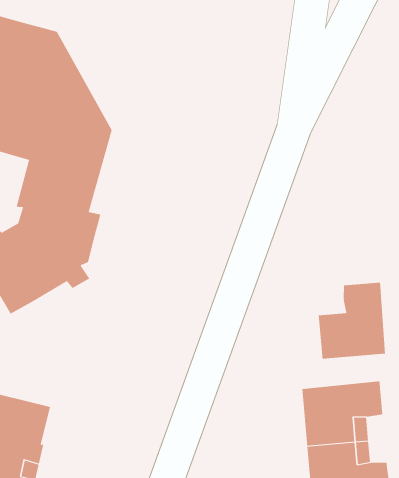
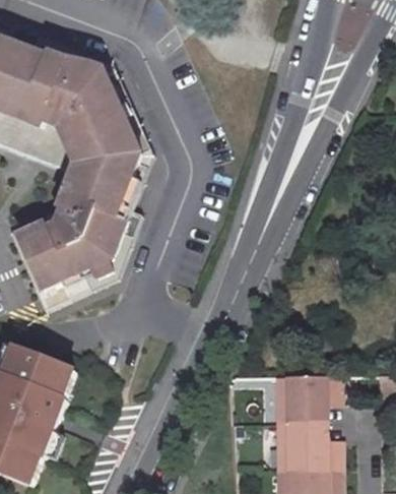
building: [318,282,385,360] -> none

